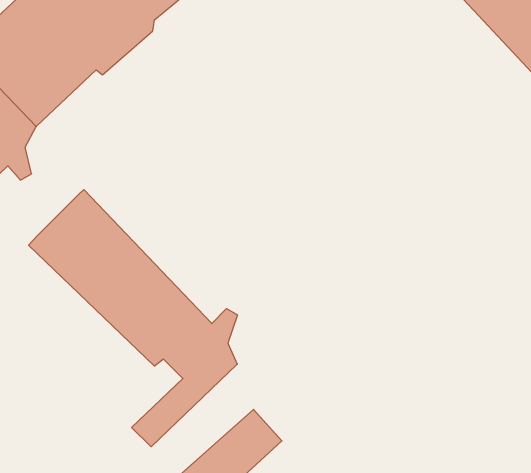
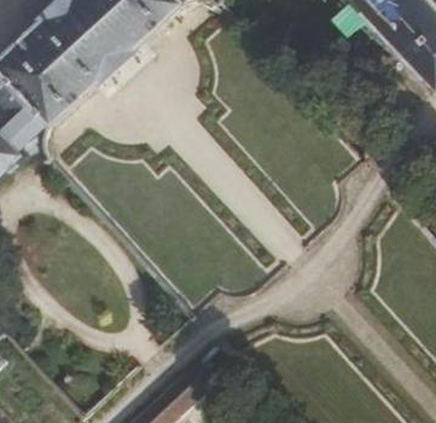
building: [29,190,237,447] -> none

